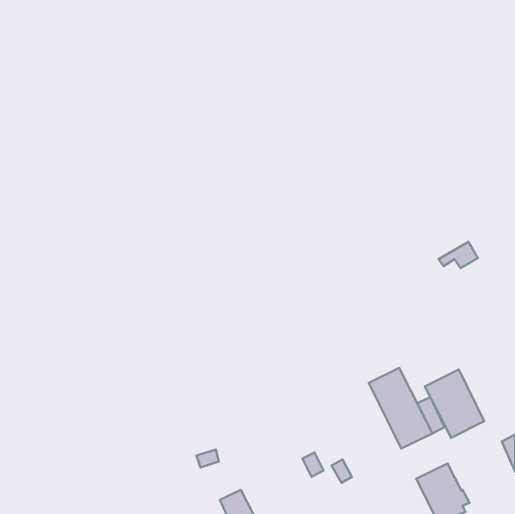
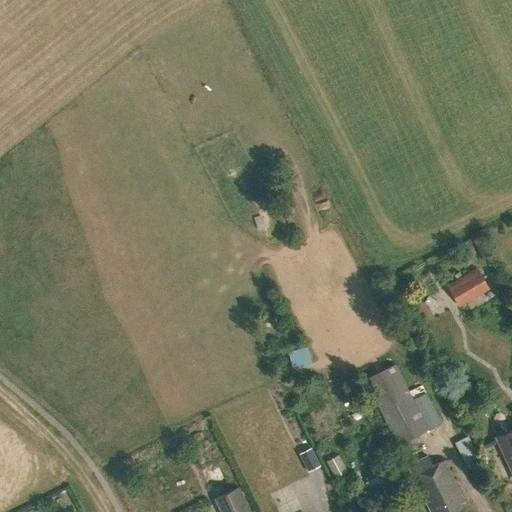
building: [438,242,478,268] -> [448,272,487,298]
building: [425,369,484,438] -> none

